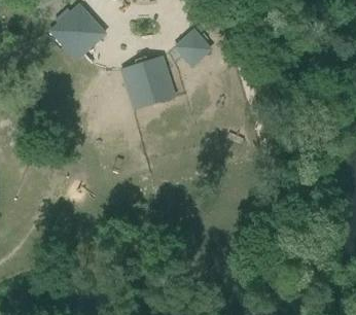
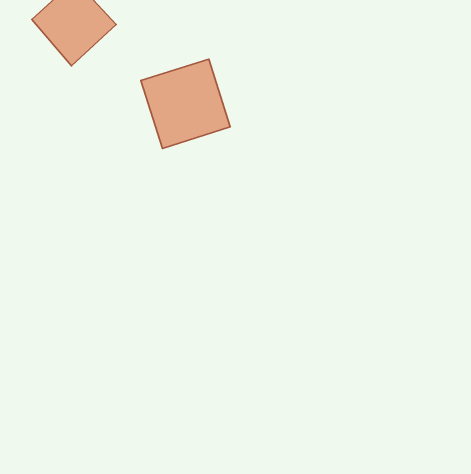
building: [174,29,208,64] -> none

